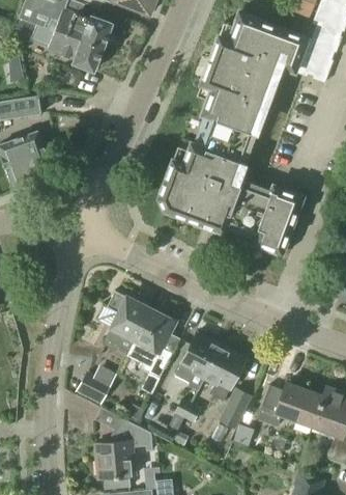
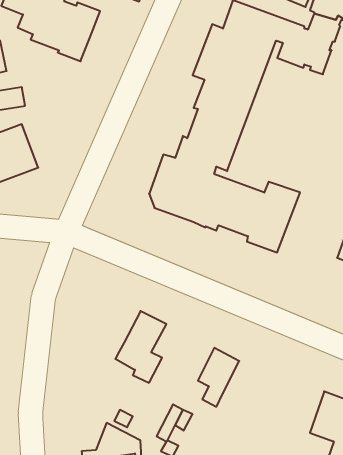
building: [103,291,151,351] -> none
building: [176,333,222,382] -> none
building: [75,370,110,405] -> none
building: [257,382,323,425] -> none
building: [219,387,252,429] -> none

